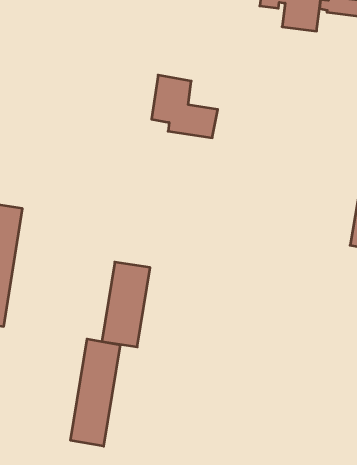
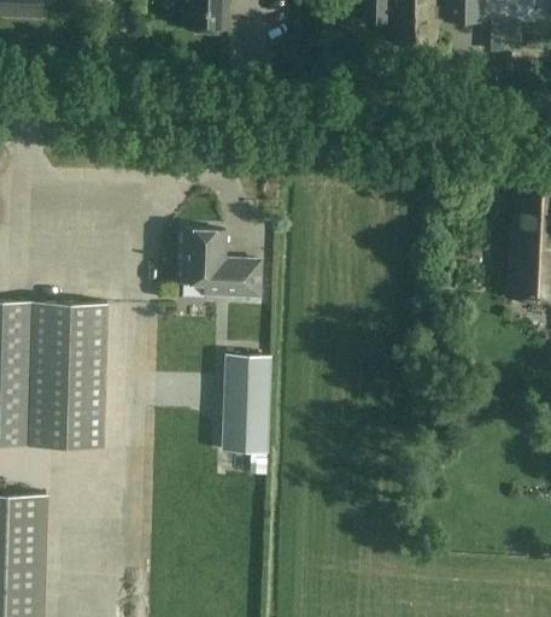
building: [152,75,218,138] -> [183,229,262,296]
building: [71,339,120,446] -> none

